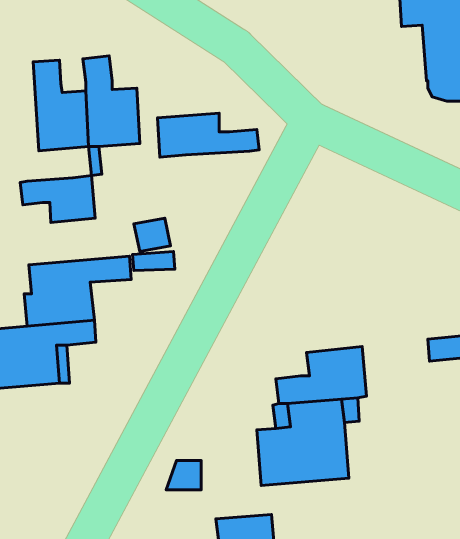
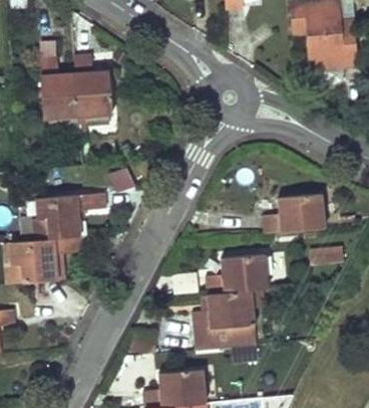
building: [157,113,259,157] -> none
building: [20,176,95,223] -> none
building: none -> [263,194,325,233]

